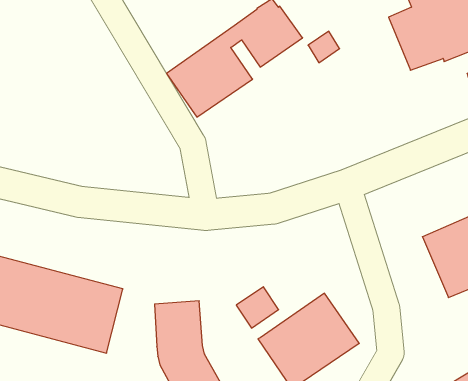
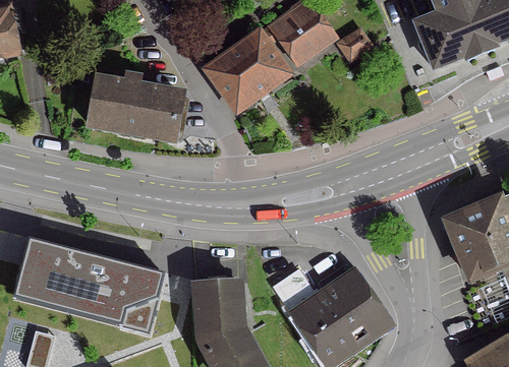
building: none -> [89,75,179,140]

